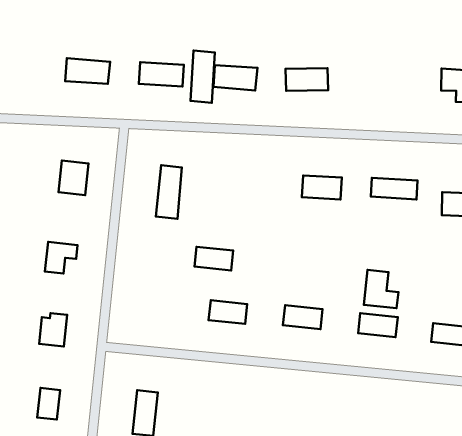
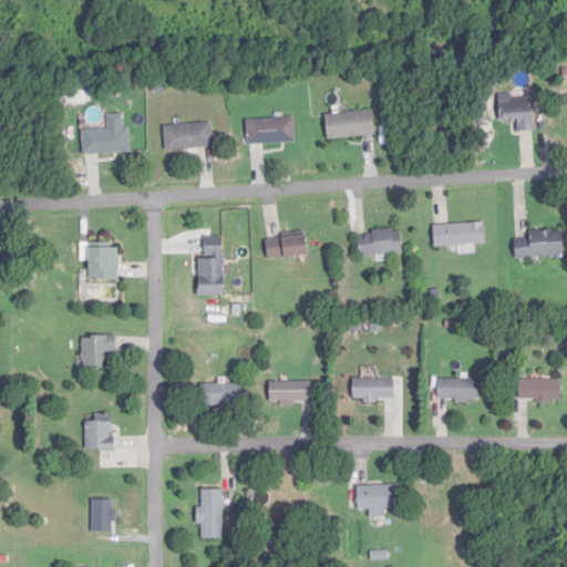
building: [191,51,215,103] -> none
building: none -> [265,234,306,258]
building: [194,247,233,270] -> [199,382,240,404]
building: [364,270,398,308] -> none
building: none -> [357,484,400,515]

